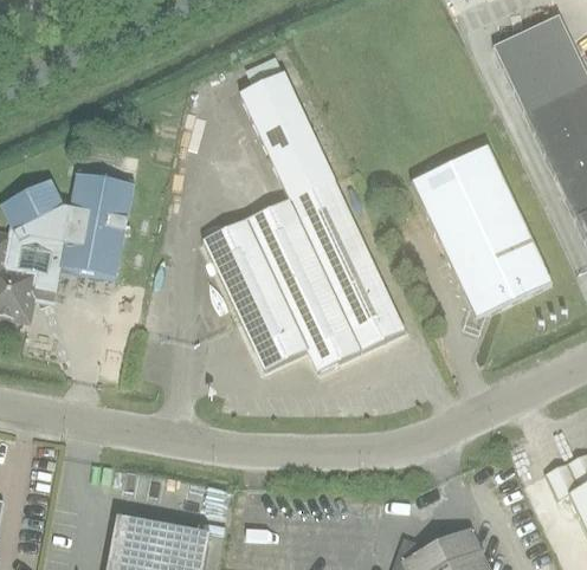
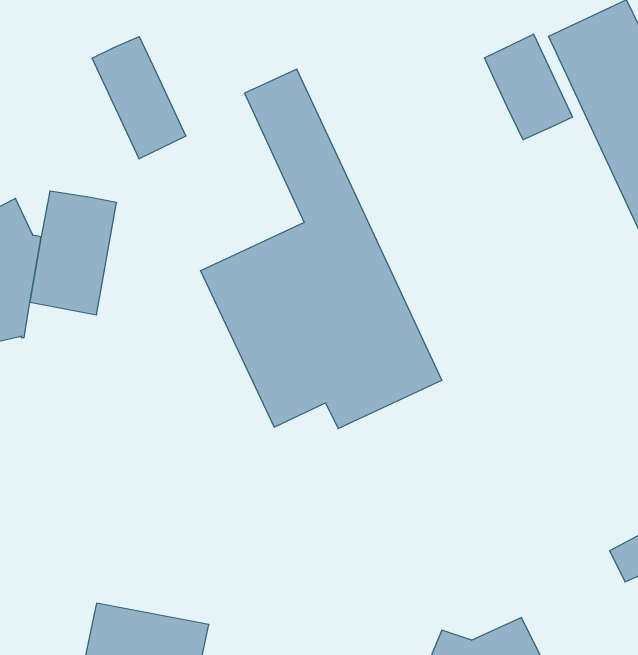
building: none -> [484,34,572,140]
building: none -> [92,37,186,159]
building: [411,144,553,318] -> none

